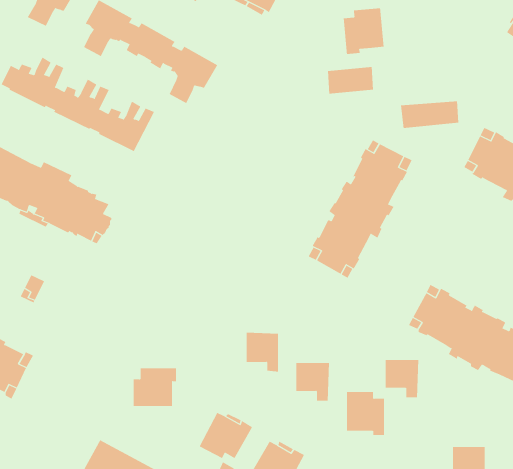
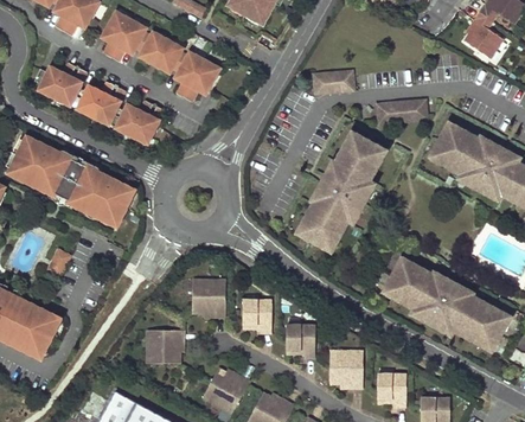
building: [343,7,384,55] -> none
building: none -> [192,279,225,316]
building: [385,359,419,398] -> [377,373,406,407]

